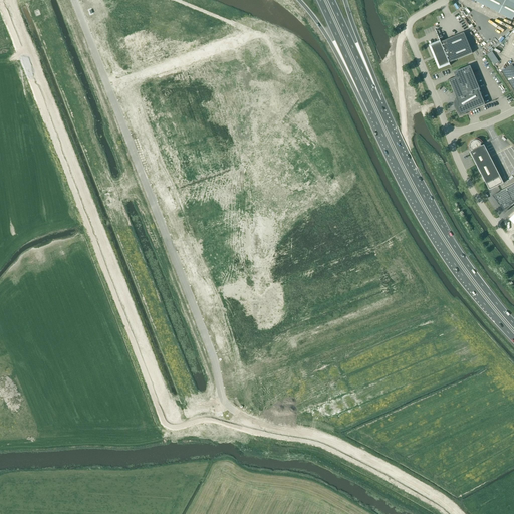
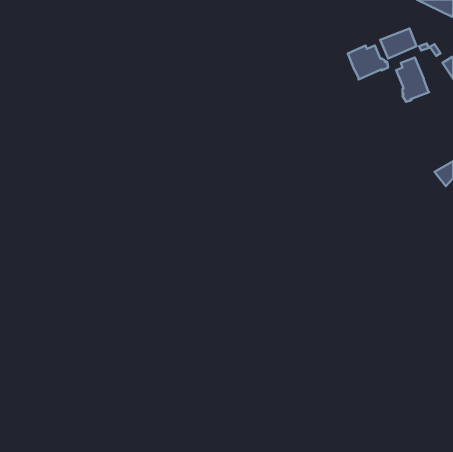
building: none -> [348,46,388,80]
building: [470,139,504,190] -> none

